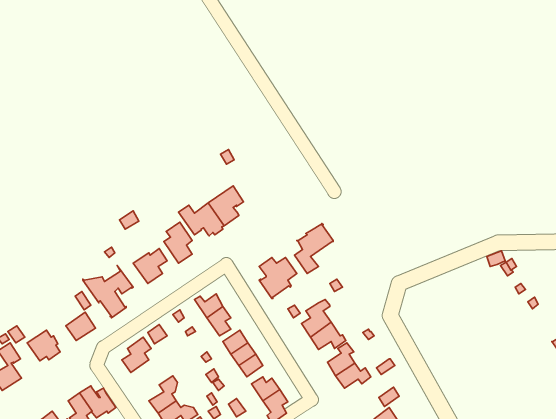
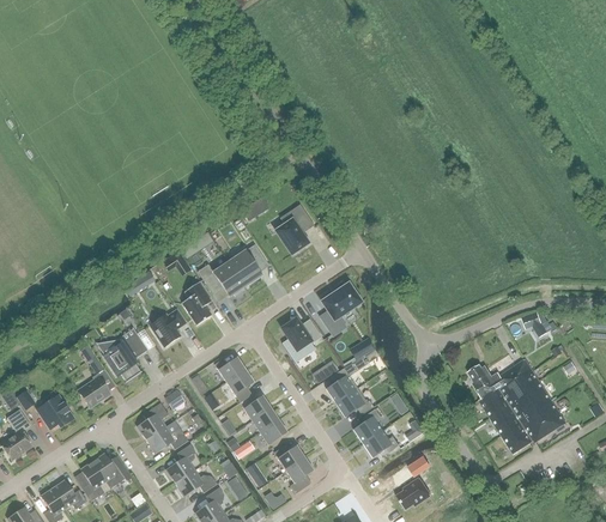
building: none -> [274,205,311,254]
building: none -> [469,358,565,451]
building: none -> [146,420,188,453]

